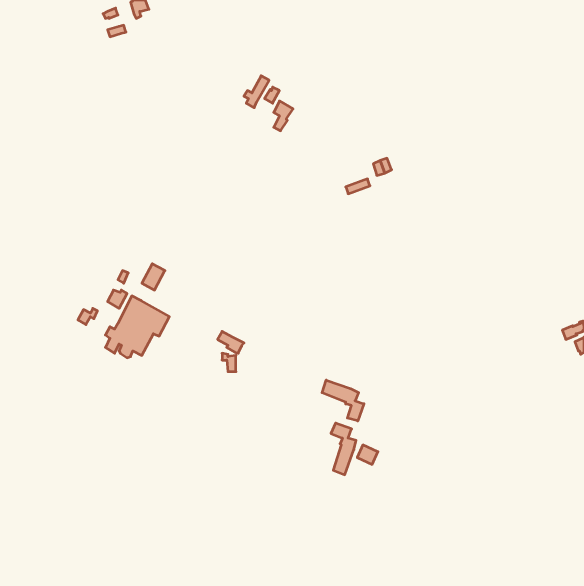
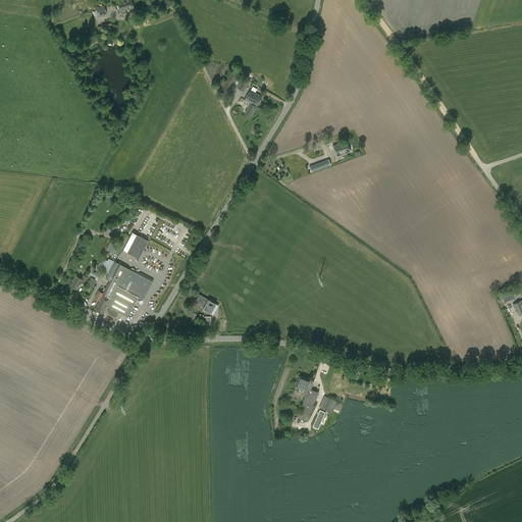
building: [322,380,364,421] -> none

